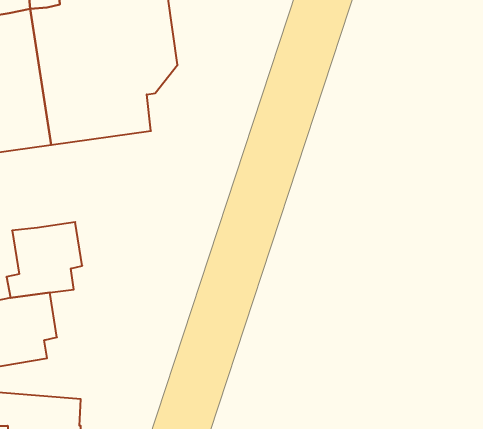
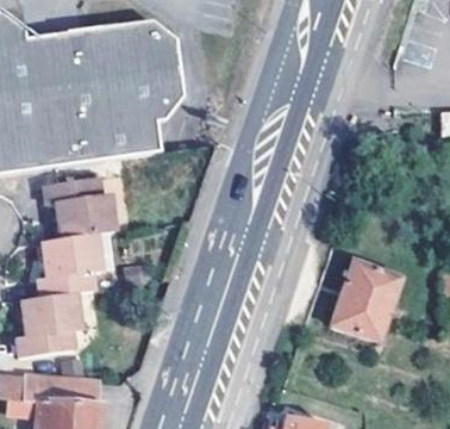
building: none -> [45,174,115,234]
building: none -> [331,261,400,338]

